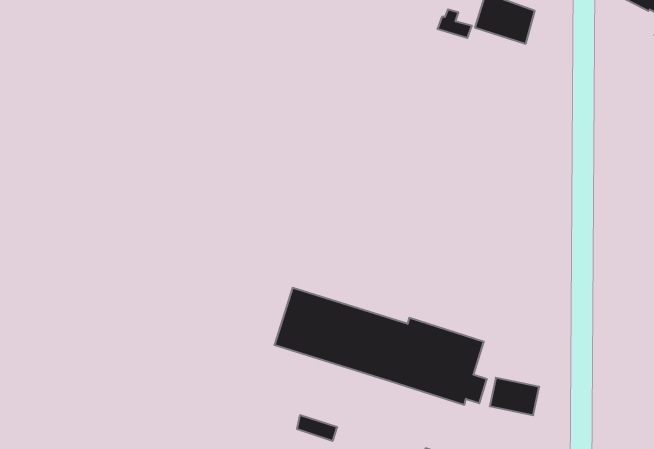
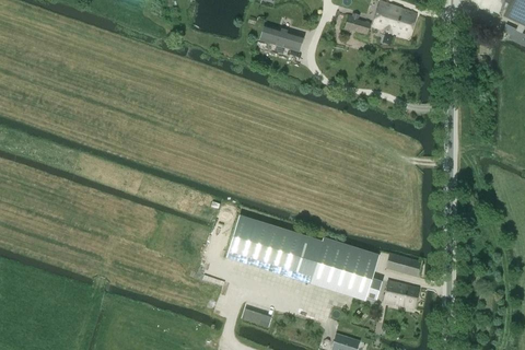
building: none -> [260,25,304,51]
building: none -> [386,253,421,277]

